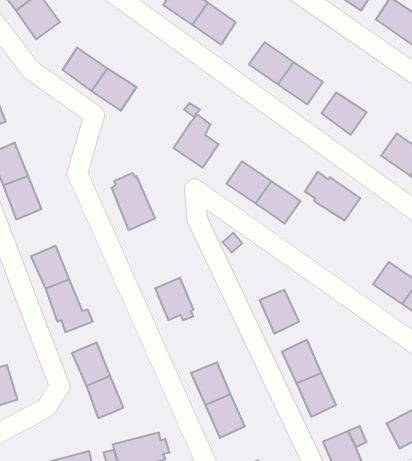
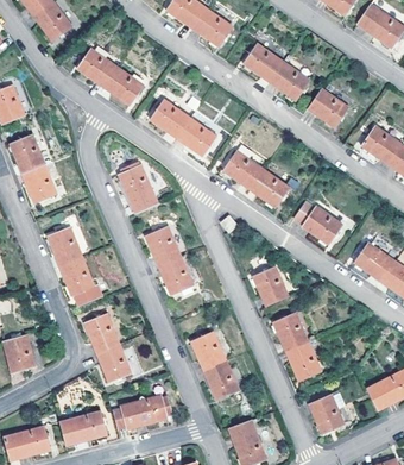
building: none -> [150,100,190,139]
building: [305,172,360,221] -> [293,200,343,244]
building: none -> [146,226,182,265]

